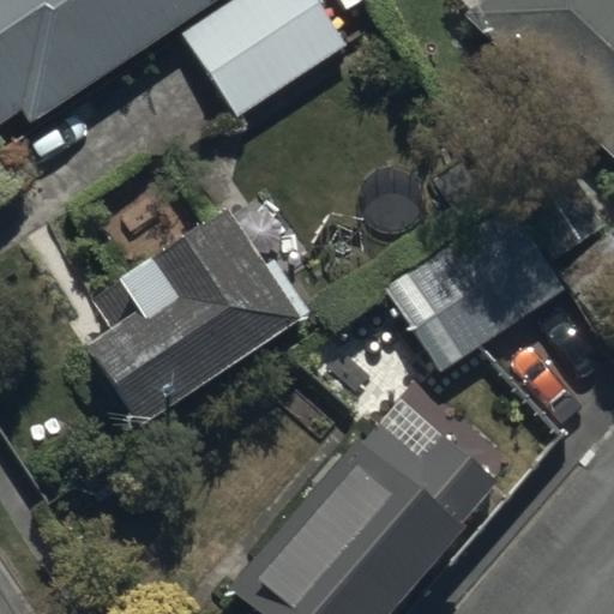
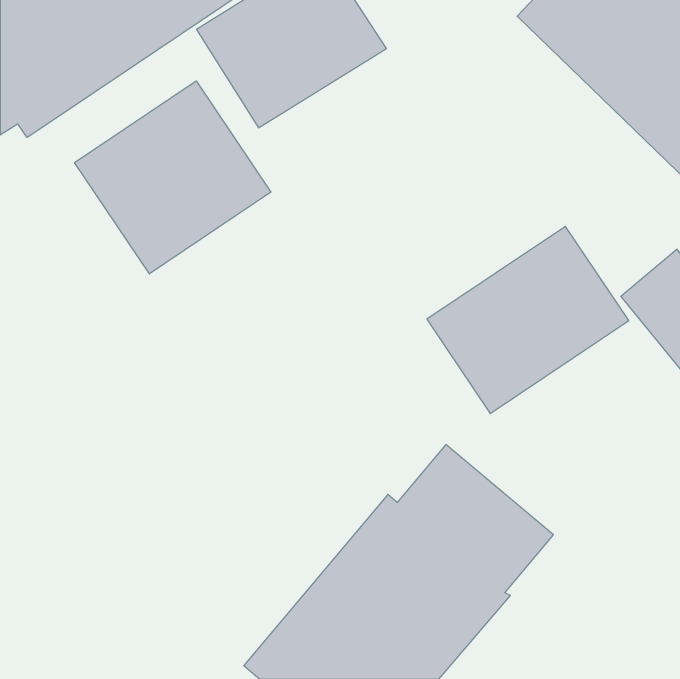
building: none -> [75,81,271,274]
building: [88,213,313,428] -> none

